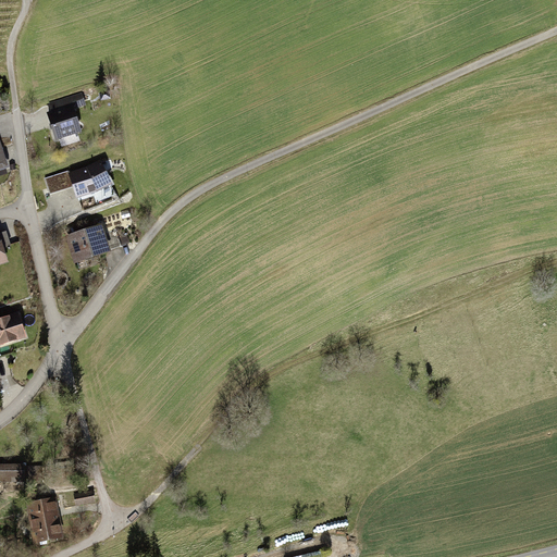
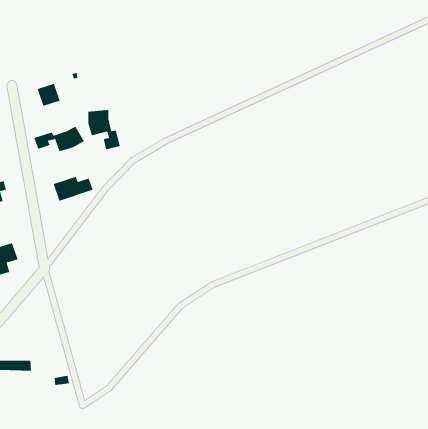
building: none -> [88,109,120,150]
building: [28,499,60,542] -> none

